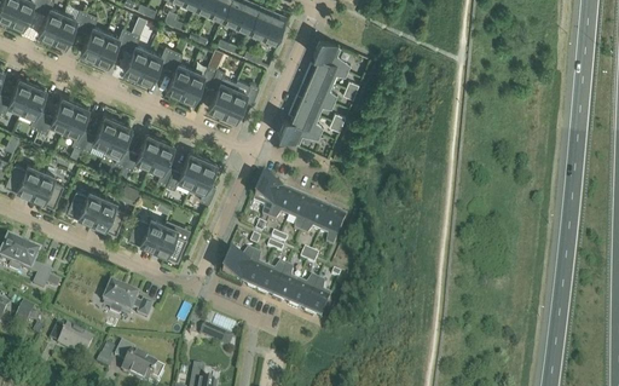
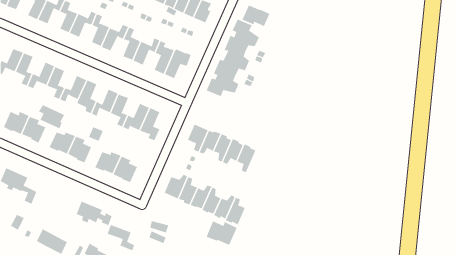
building: none -> [242,4,270,27]
building: none -> [38,103,66,129]
building: none -> [206,221,238,247]
building: none -> [107,224,135,251]

